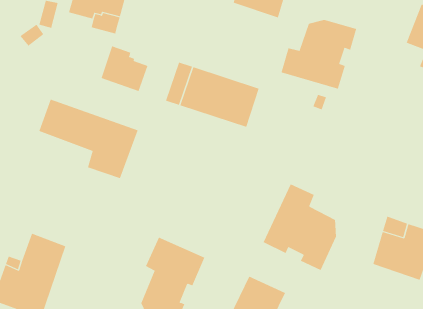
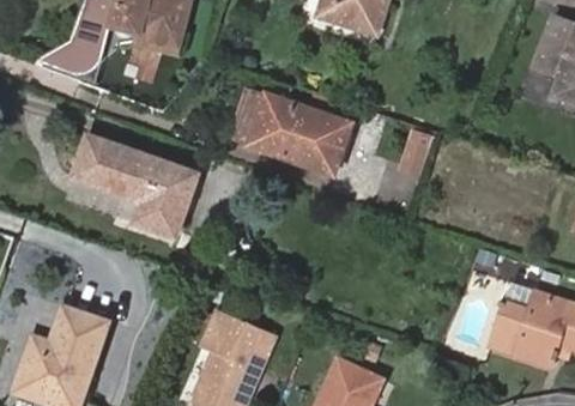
building: [281,19,357,89] -> none
building: [101,45,148,92] -> none
building: [263,183,337,271] -> none

